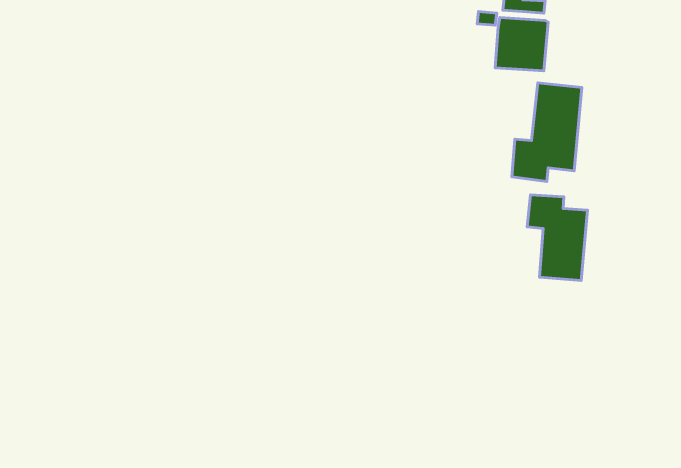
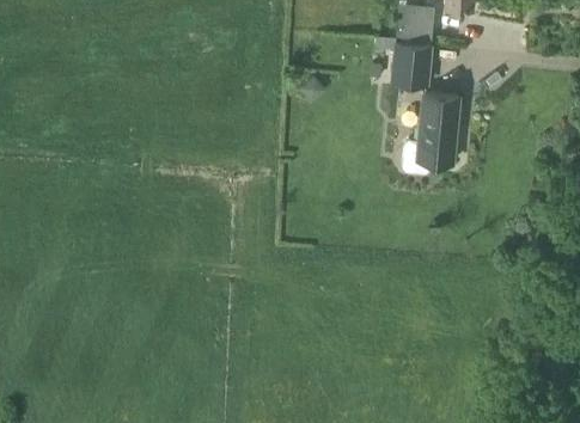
building: [527,195,588,281] -> none

